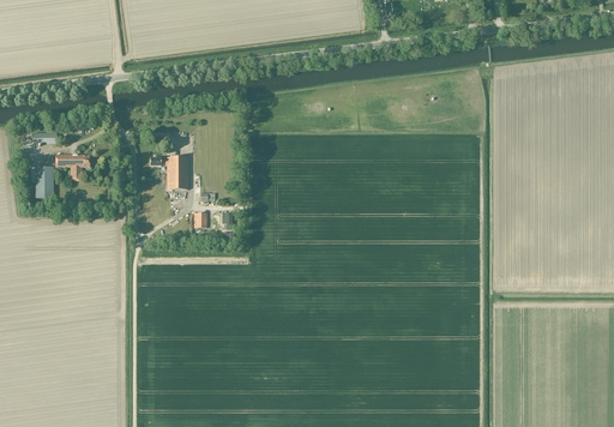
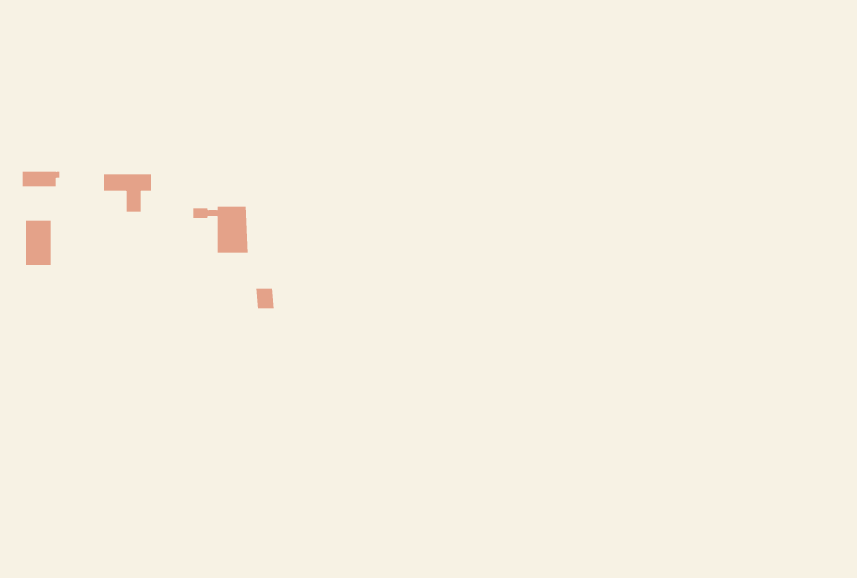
building: [55,154,89,180] -> [103,174,152,212]

